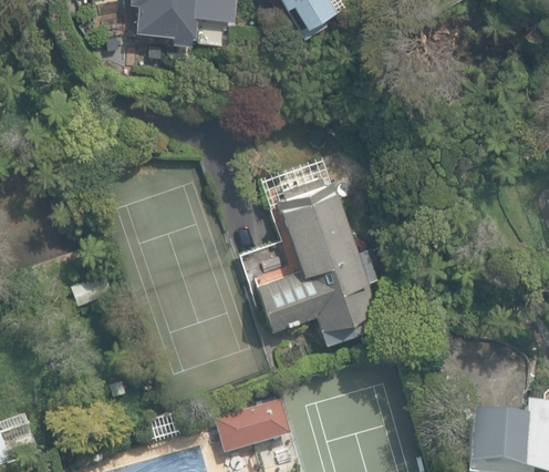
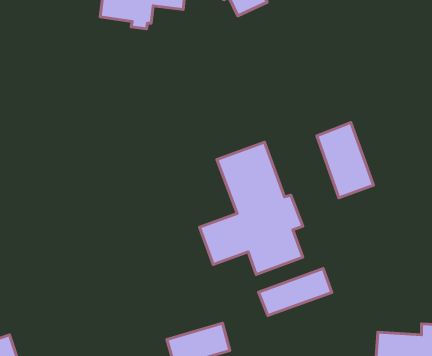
building: none -> [317,122,374,198]
building: none -> [258,269,332,315]

